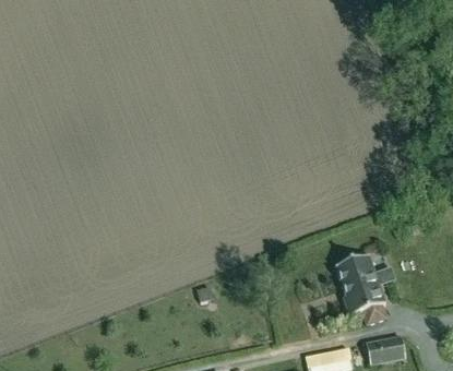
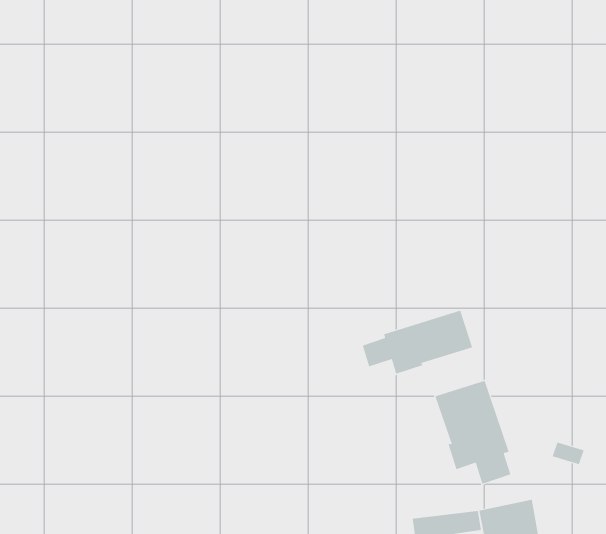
building: none -> [362,310,473,375]

